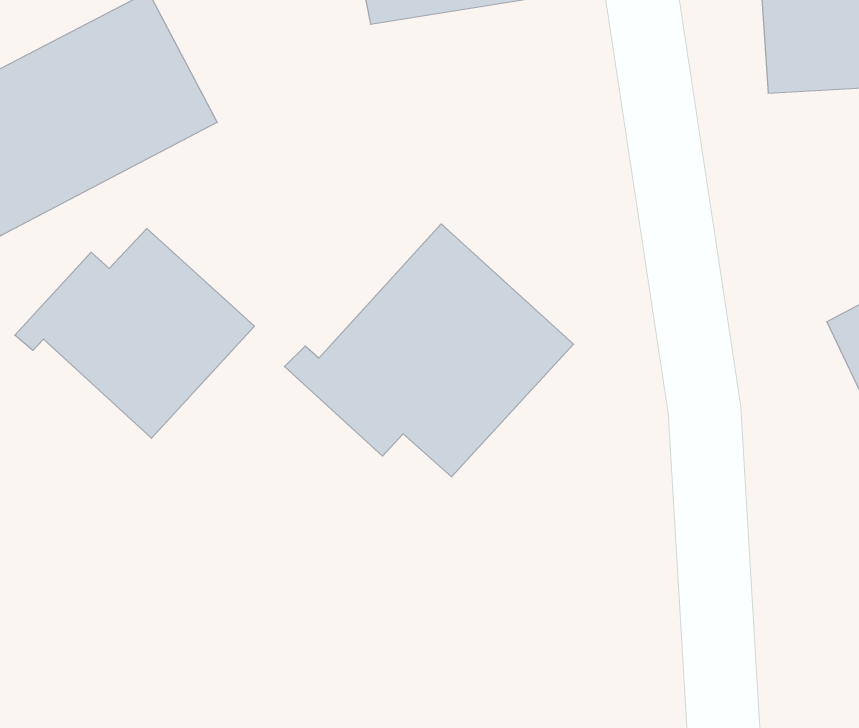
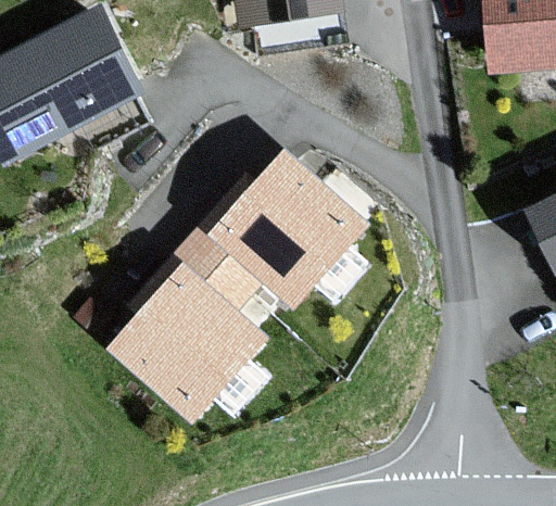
building: [15,228,254,438] -> none
building: none -> [108,240,265,421]

